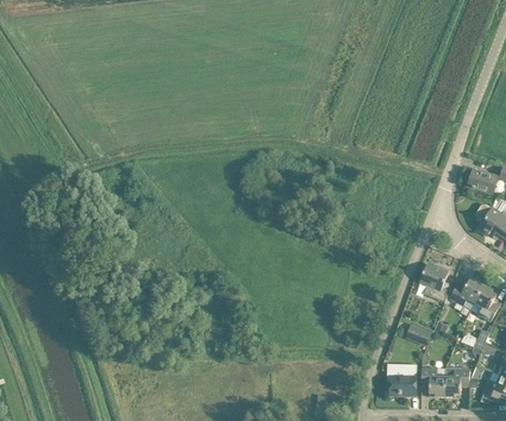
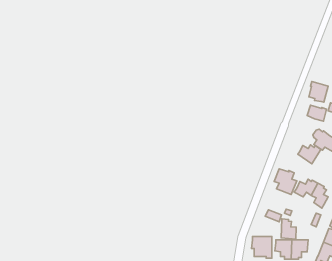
building: none -> [309,82,328,102]
building: none -> [298,145,321,164]
building: none -> [281,219,296,239]

